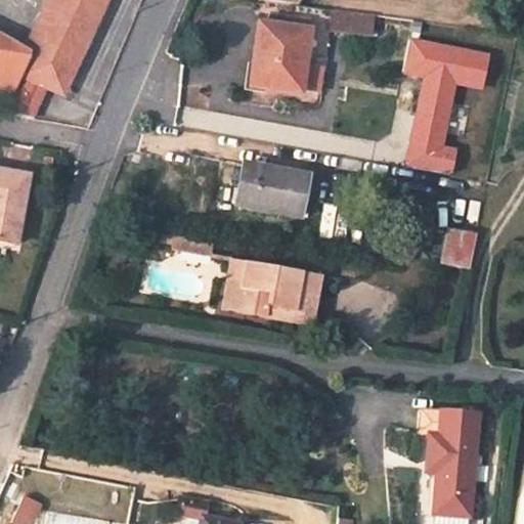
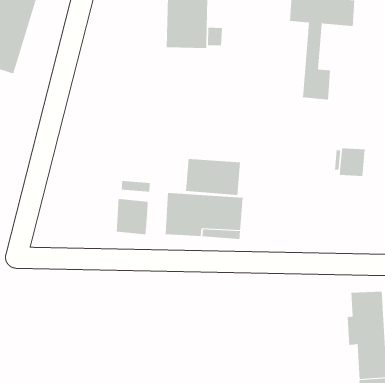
building: [236,163,308,215] -> [185,158,241,195]
building: none -> [116,198,148,235]

